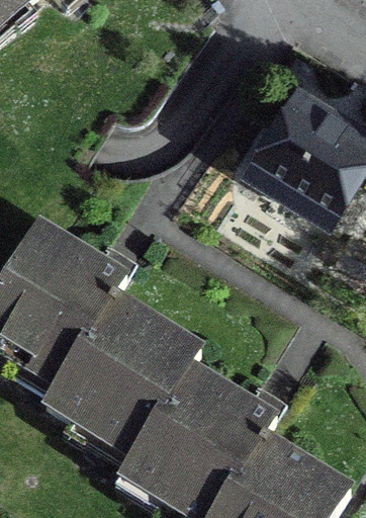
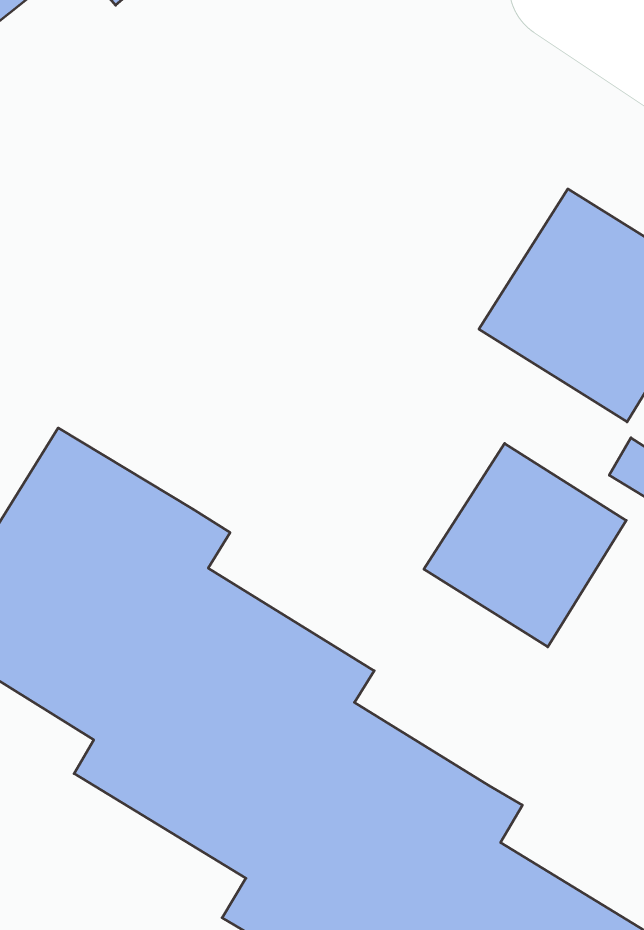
building: none -> [424,443,626,647]

